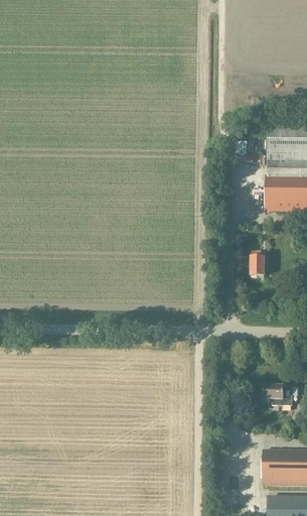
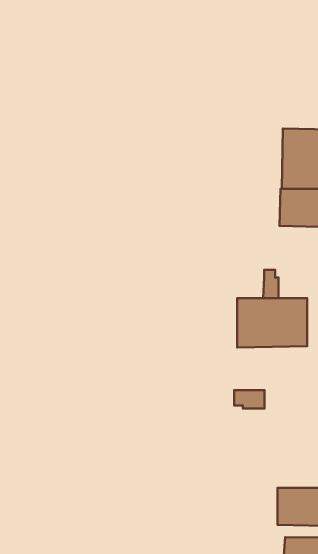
building: none -> [237,298,307,348]
building: [263,386,291,403] -> [234,390,265,409]

